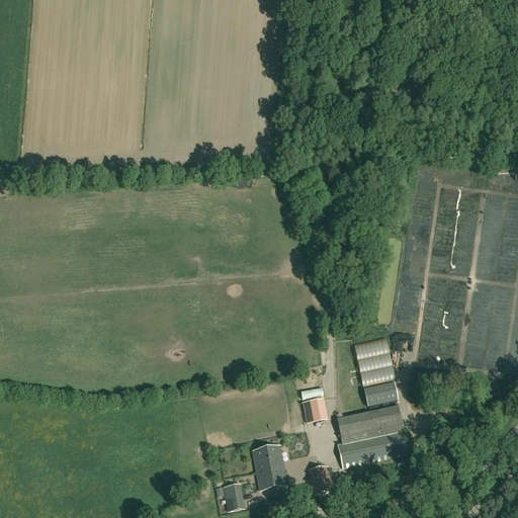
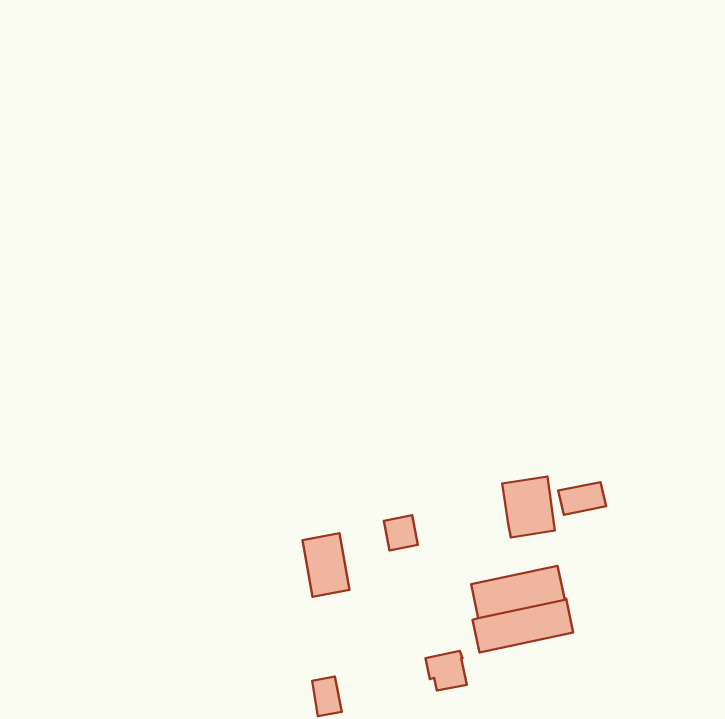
building: [363,381,398,405] -> [558,482,606,515]
building: [301,397,326,422] -> [384,515,418,551]
building: [253,443,286,489] -> [303,533,349,597]

